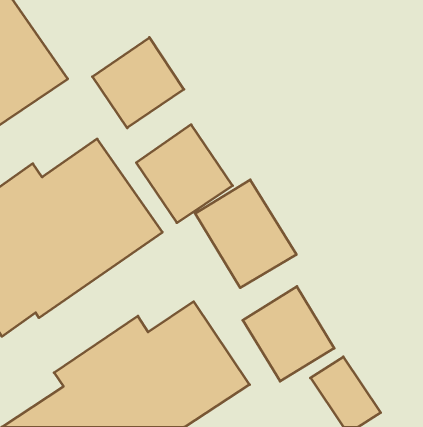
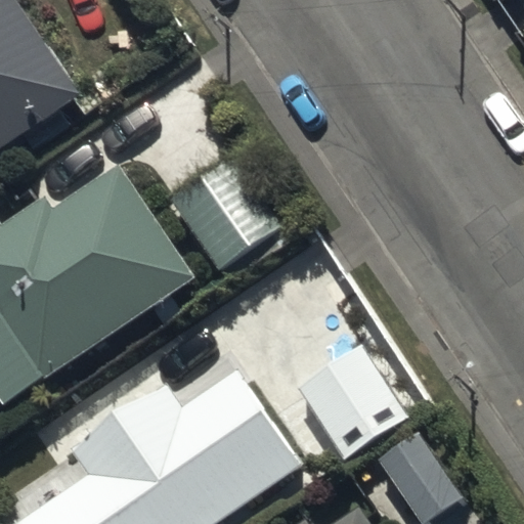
building: [92,37,184,128] -> none
building: [195,180,296,288] -> none

